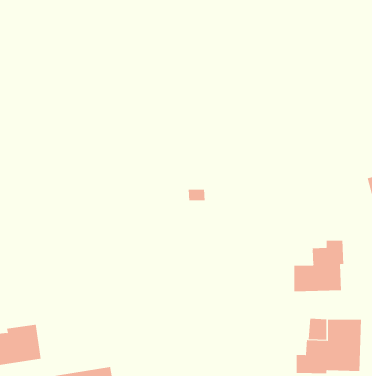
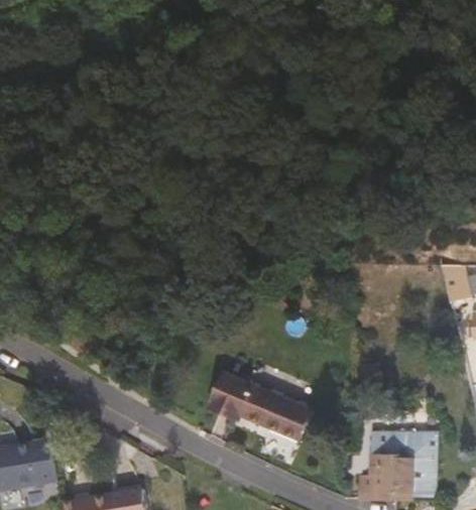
building: [294,240,344,292] -> none
building: none -> [210,374,311,440]

